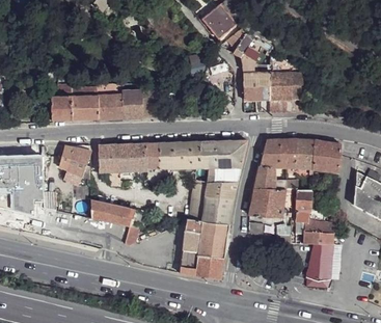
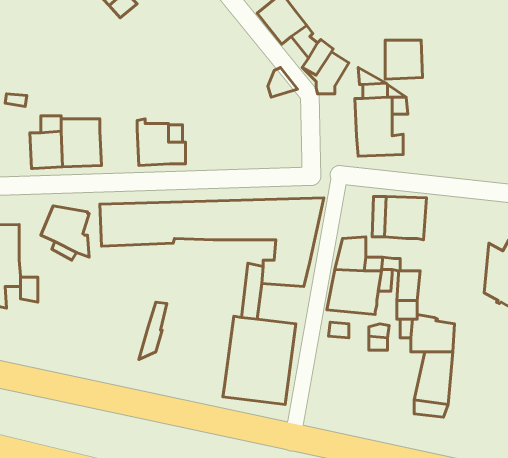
building: [243,74,268,100] -> [385,40,423,79]
building: [97,86,123,118] -> none
building: [258,139,279,167] -> none
building: [312,140,341,171] -> none
building: [201,197,233,224] -> none
building: [89,199,134,226] -> none

